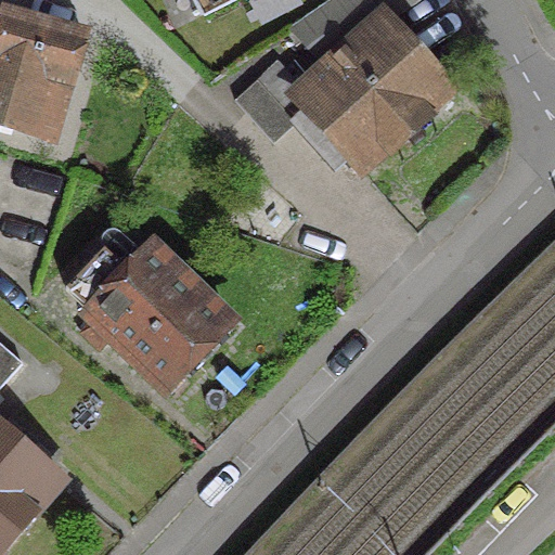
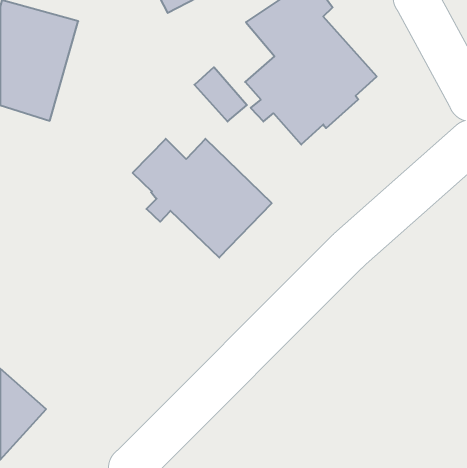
building: [64,249,228,389] -> [133,139,272,258]

